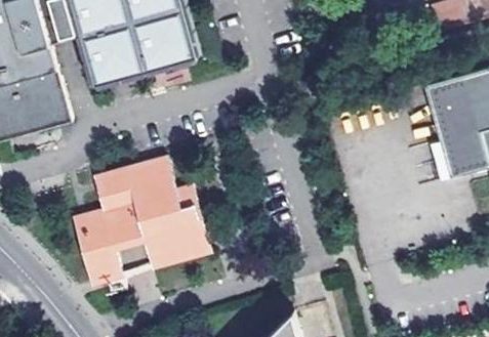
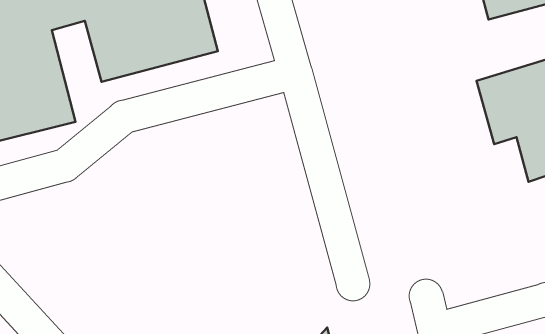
building: [440,135,470,179] -> none
building: [78,158,206,280] -> none

